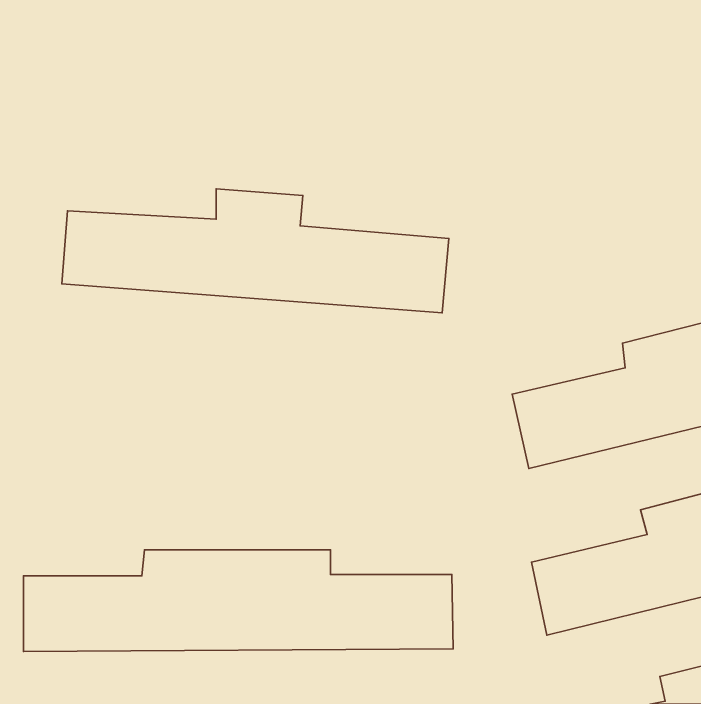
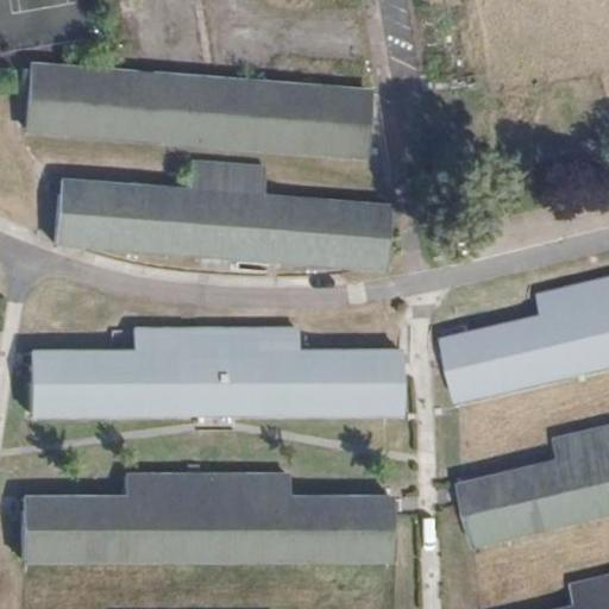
building: none -> [26,65,371,155]
building: none -> [31,326,401,414]

